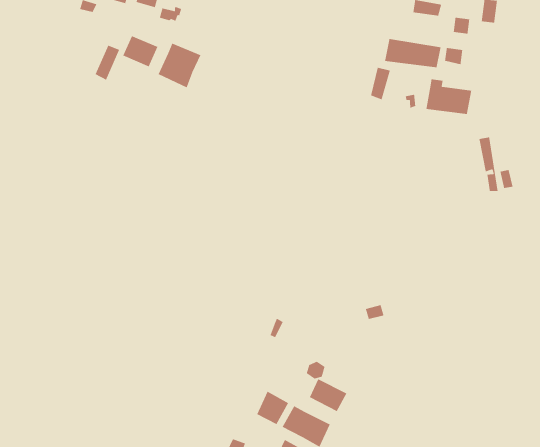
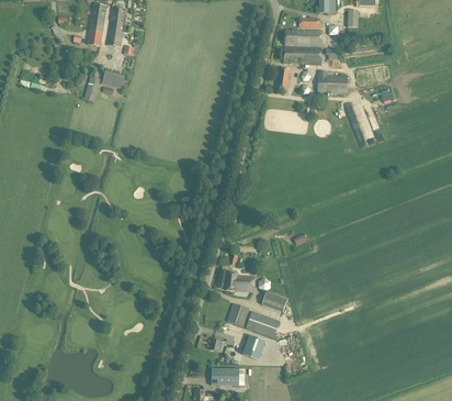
building: none -> [284,29,323,45]
building: [157,43,202,89] -> none
building: none -> [225,271,252,291]

